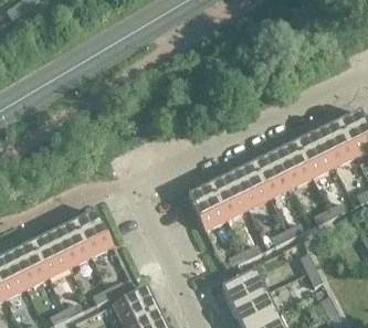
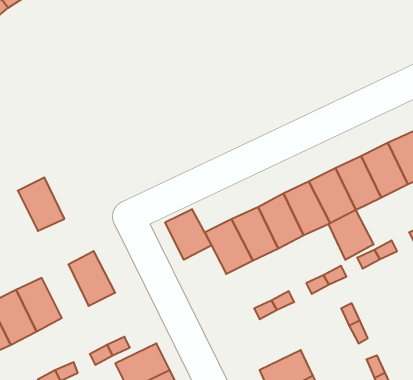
building: none -> [165,209,211,260]
building: none -> [329,210,374,260]
building: [52,221,91,265] -> [18,177,64,231]
building: [221,269,266,308] -> none

